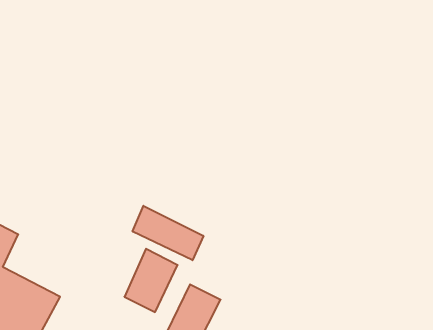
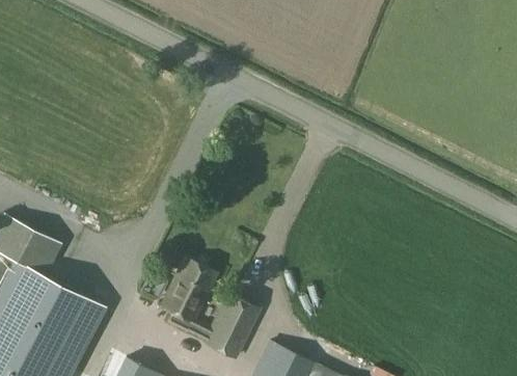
building: [133,206,203,260] -> none

